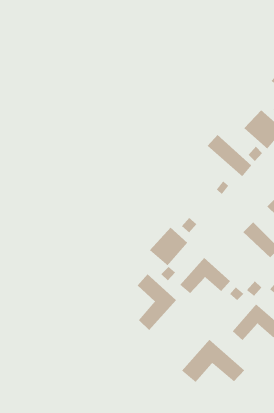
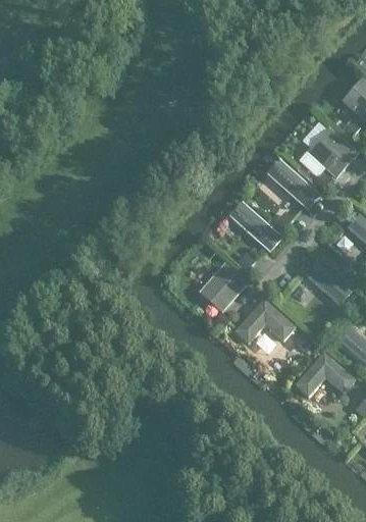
building: none -> [229,200,284,252]
building: [137,274,177,331] -> none
building: [181,339,245,383] -> none

